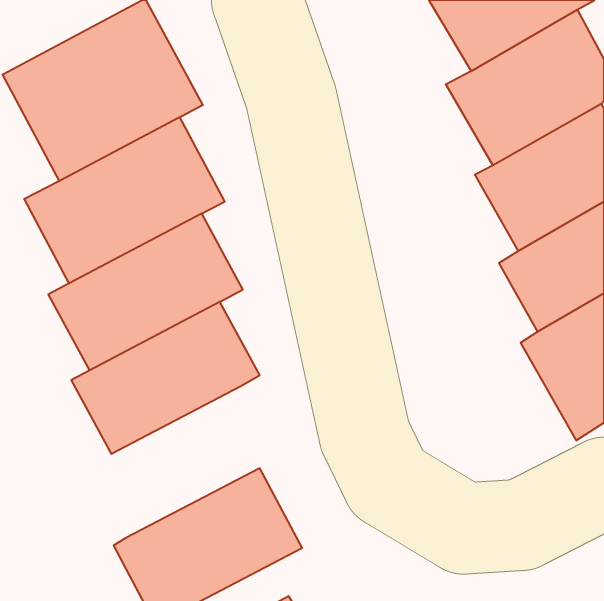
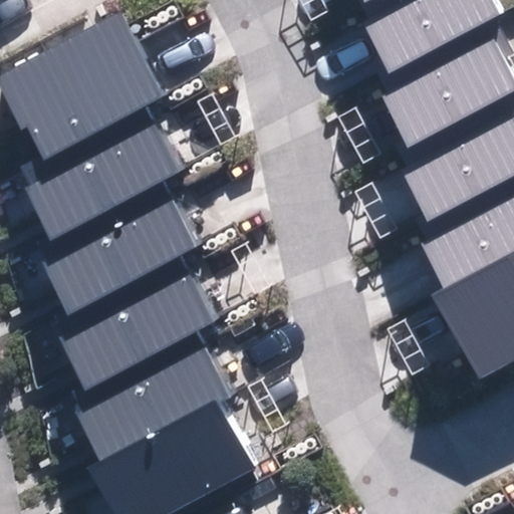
building: none -> [72,334,232,461]

